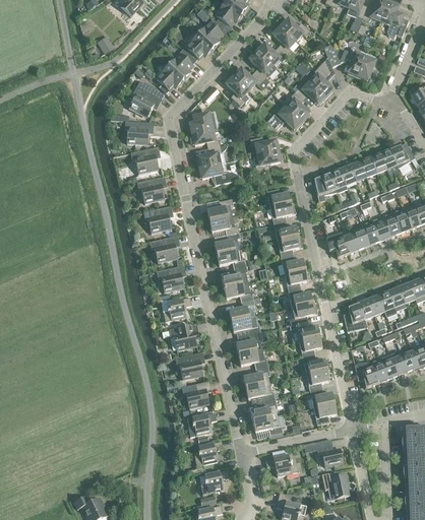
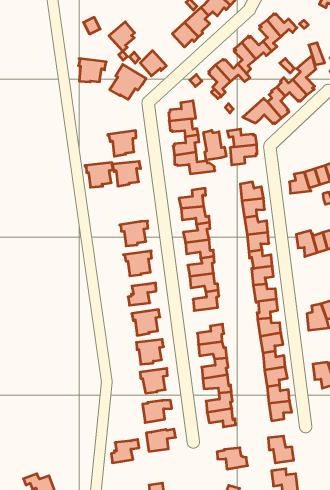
building: [168,50,193,79] -> [109,22,135,51]
building: [125,121,153,143] -> [78,59,106,82]
building: none -> [204,130,226,160]
building: [143,206,172,233] -> [85,163,113,187]
building: [231,316,260,335] -> none
building: [201,469,229,495] -> [111,439,139,463]

